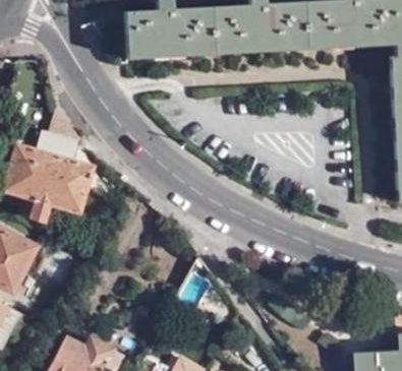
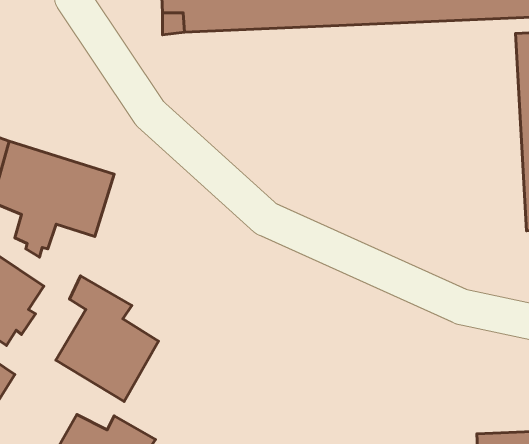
building: none -> [56,276,159,401]

